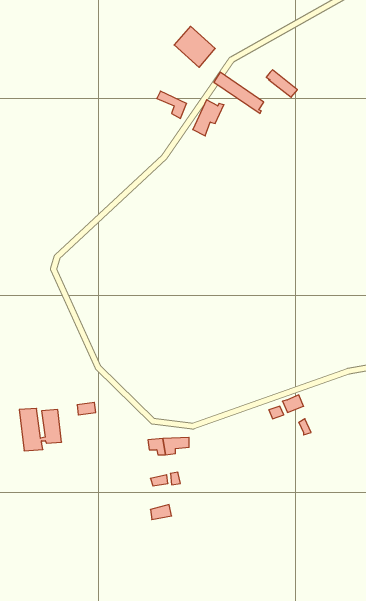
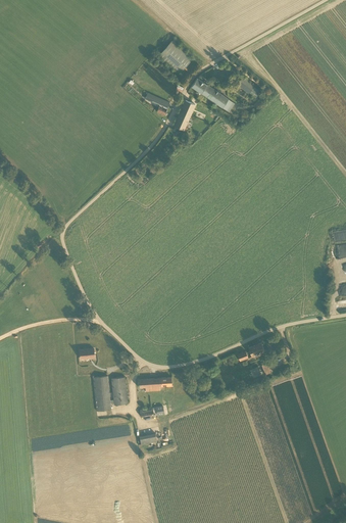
building: [19,408,62,451] -> [92,376,127,411]

